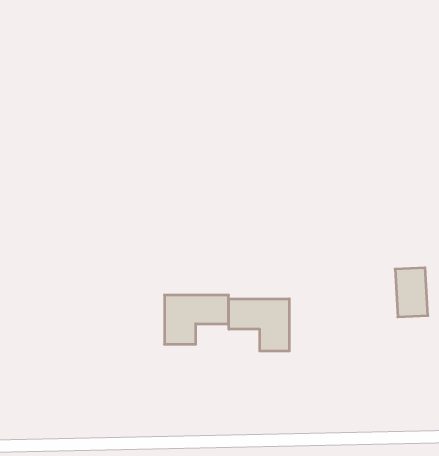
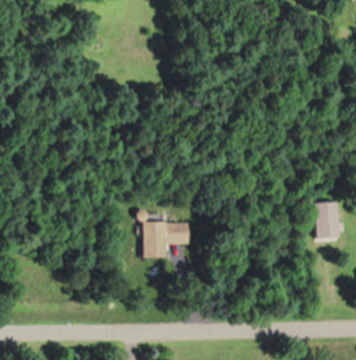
building: [229,299,289,351] -> none

